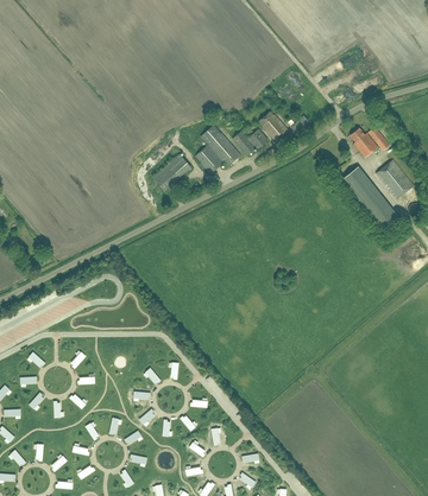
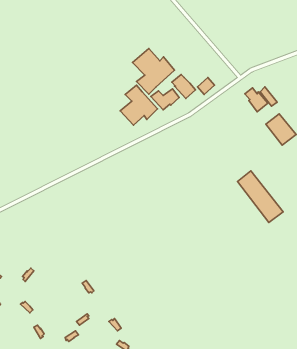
building: none -> [133,48,174,94]
building: [152,153,191,190] -> none
building: [341,165,398,229] -> [238,171,283,222]

